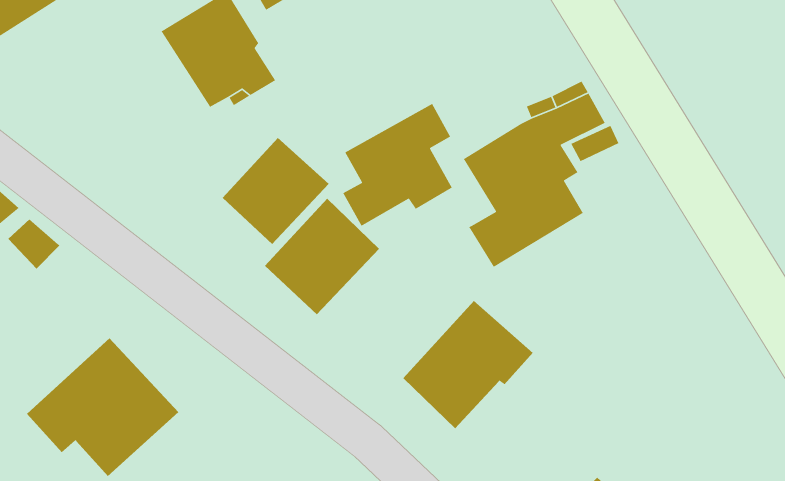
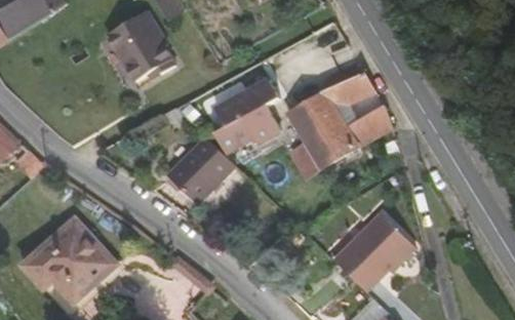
building: [222,137,330,245] -> none
building: none -> [349,105,390,145]
building: [403,300,533,429] -> [334,212,413,290]

